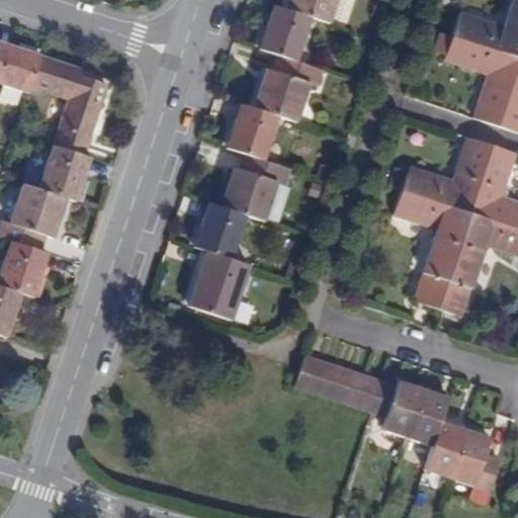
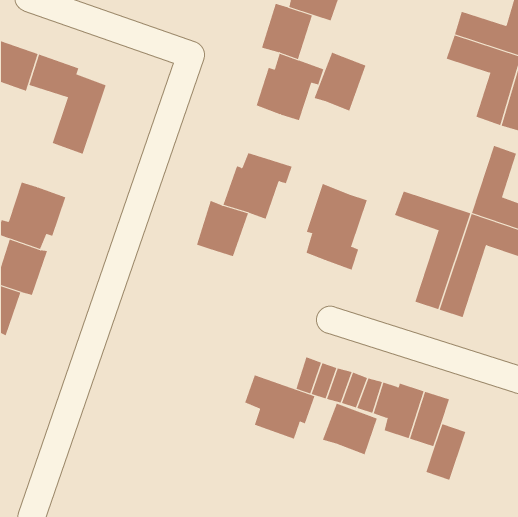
building: none -> [314,52,366,112]
building: [229,101,280,158] -> none
building: [403,137,493,212] -> none
building: [38,143,90,199] -> none
building: none -> [306,183,367,270]
building: [190,248,253,318] -> none
building: none -> [245,374,315,439]
building: none -> [322,403,378,455]
building: [449,430,501,492] -> none

